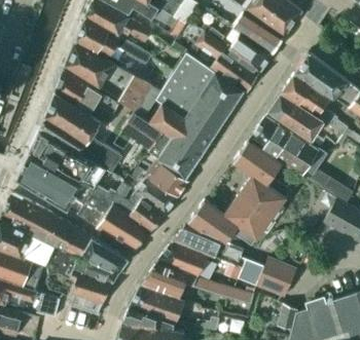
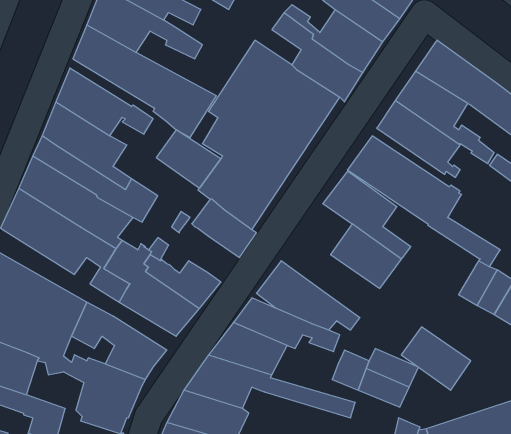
building: [130,177,178,214] -> none
building: [225,195,272,237] -> [401,327,471,390]

